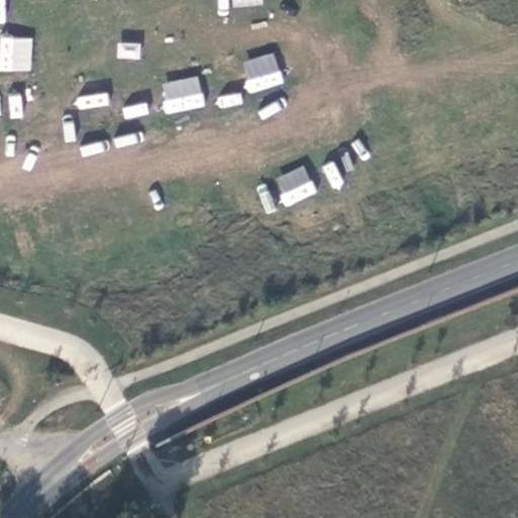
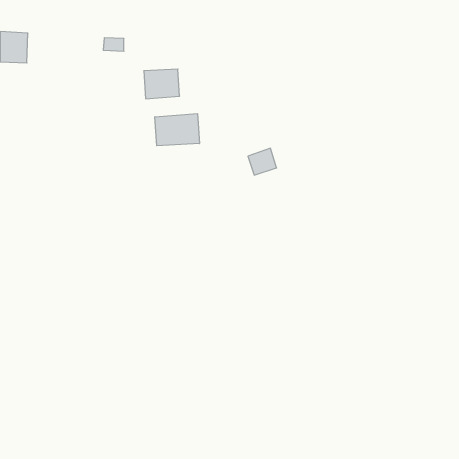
building: [242,53,282,92] -> none
building: none -> [155,114,199,146]

